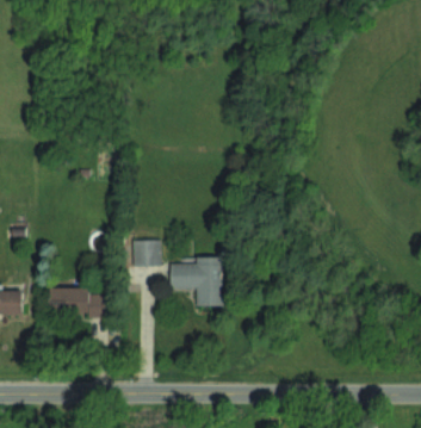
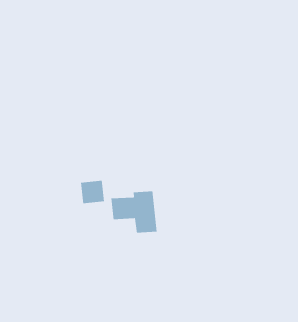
building: [49,287,107,318] -> none

